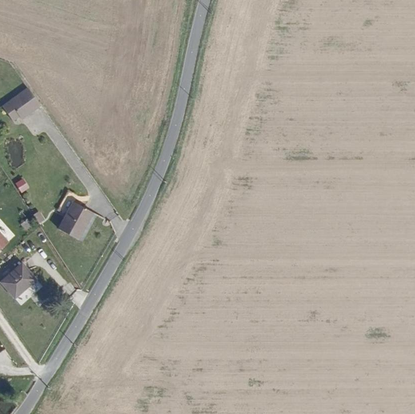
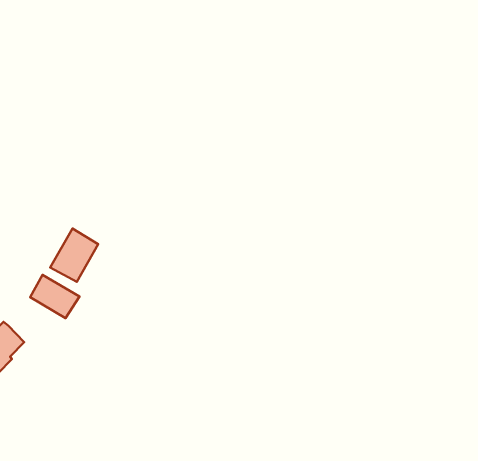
building: none -> [30,275,79,318]

